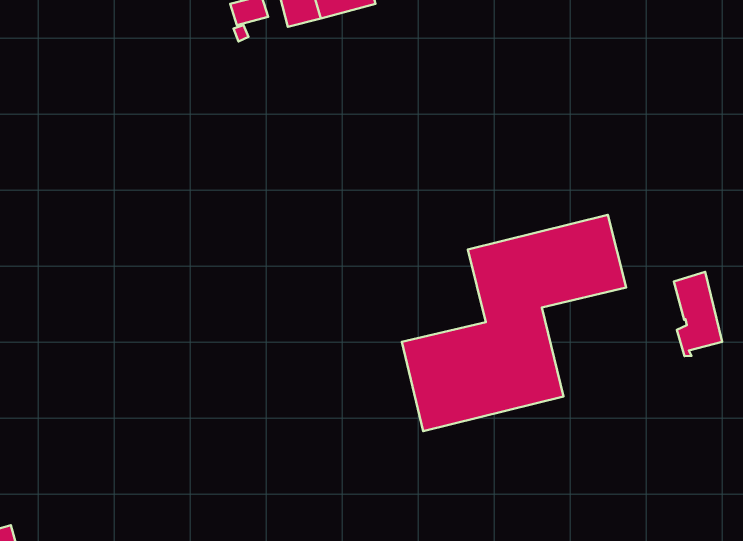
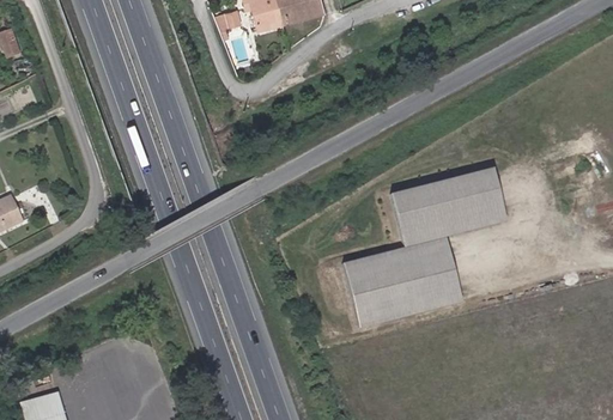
building: [674,272,722,356] -> none

